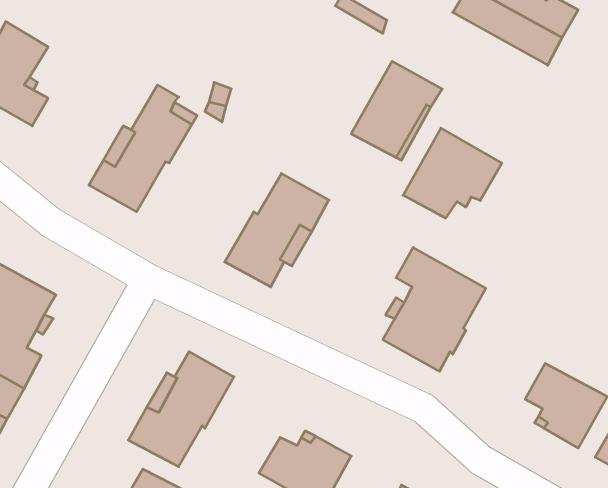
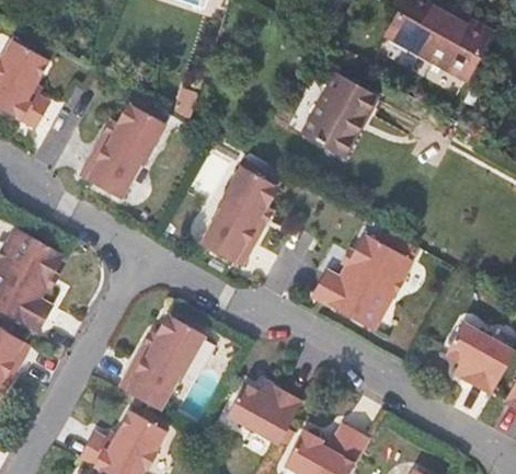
building: [403,128,502,218] -> none

